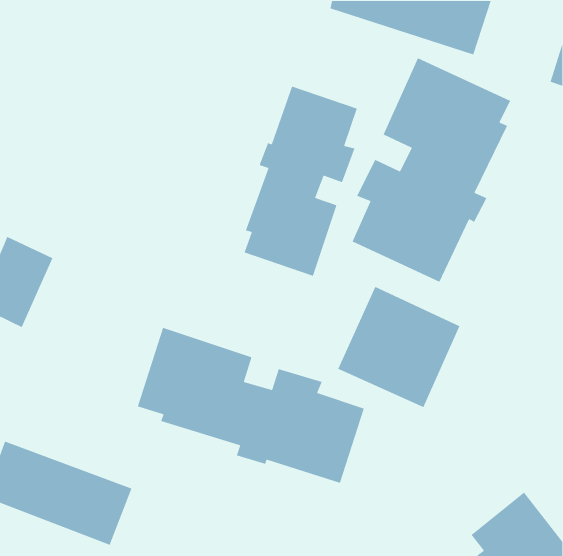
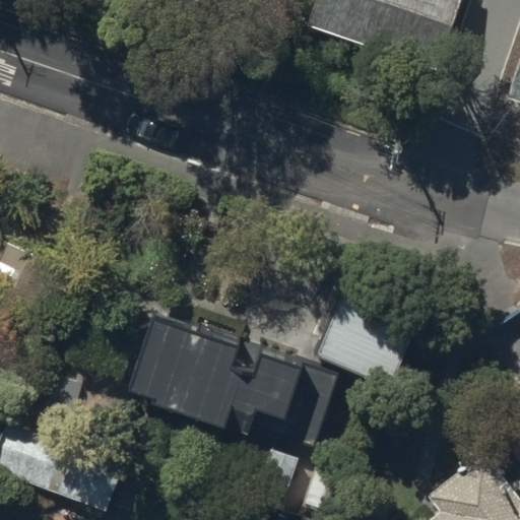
building: [351,57,511,283] -> none
building: [243,85,358,277] -> none

